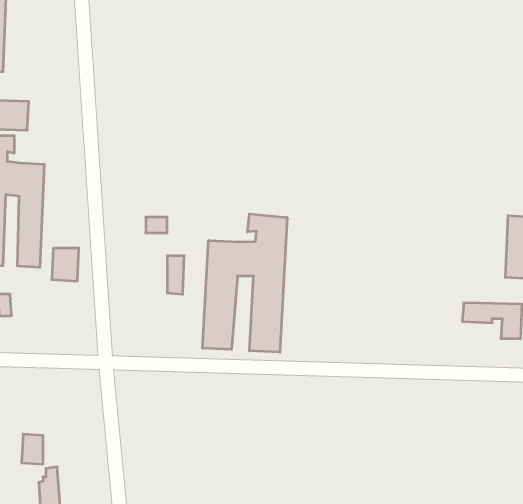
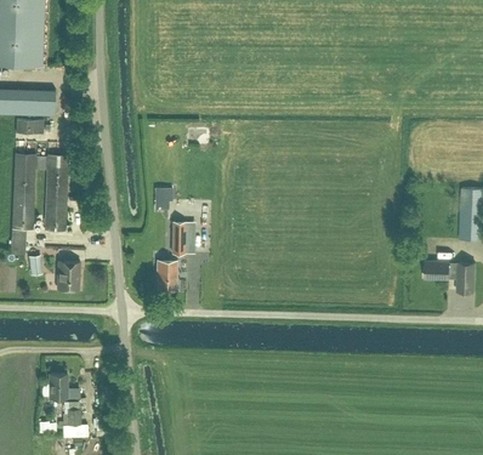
building: [203,214,287,352] -> none
building: [52,248,79,281] -> [57,262,80,290]
building: none -> [155,261,177,291]

